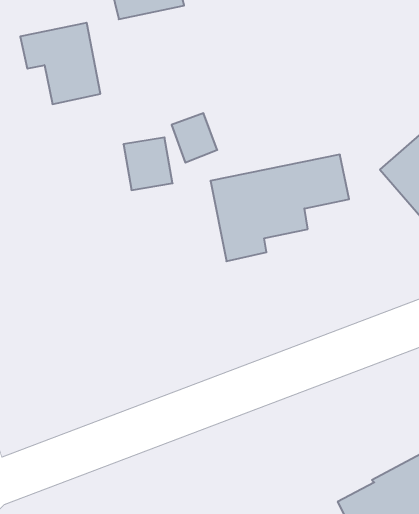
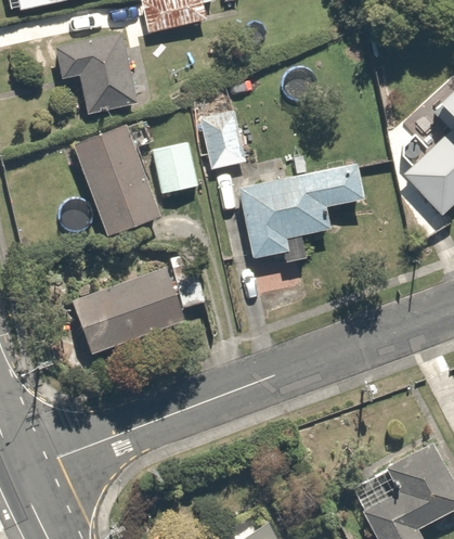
building: none -> [75,119,159,234]
building: none -> [72,265,185,356]

